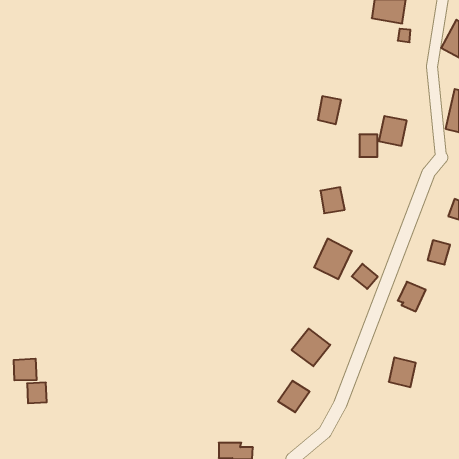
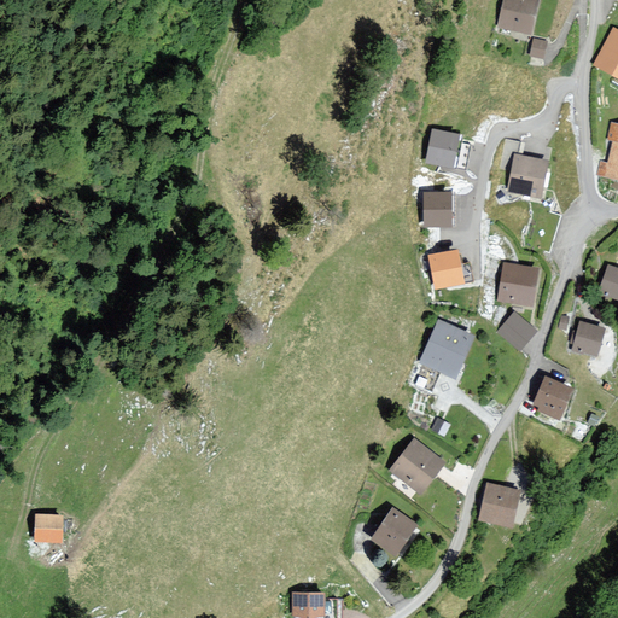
building: [359,134,377,157] -> [425,193,449,223]
building: none -> [499,263,537,305]
building: [352,264,378,289] -> [499,314,534,348]
building: [389,357,416,387] -> [482,485,518,525]
building: [14,359,37,380] -> none

